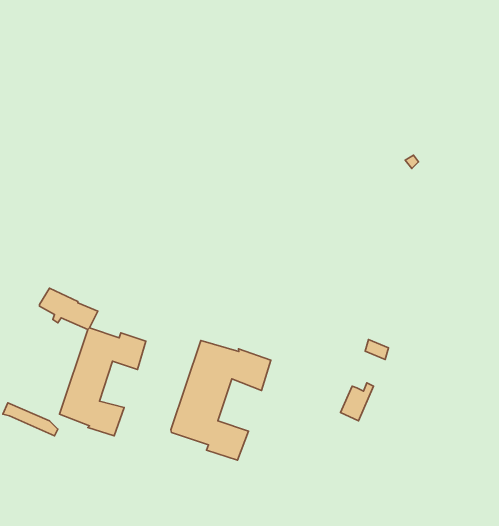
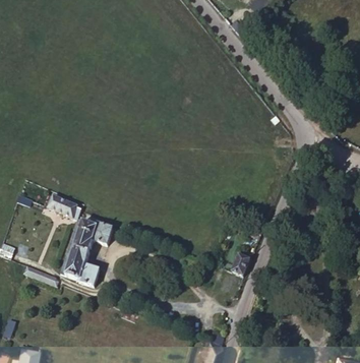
building: [171,340,271,460] -> none

